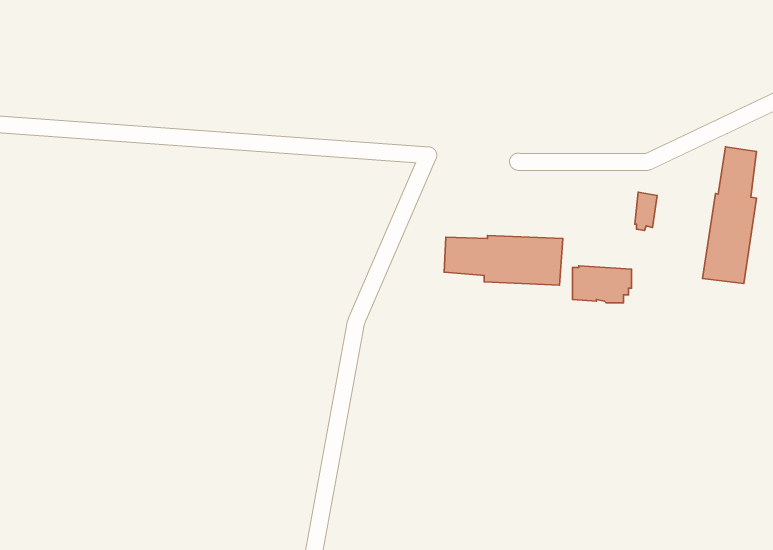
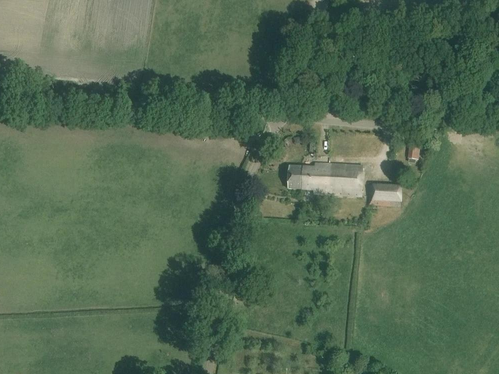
building: [703,147,757,283] -> none

